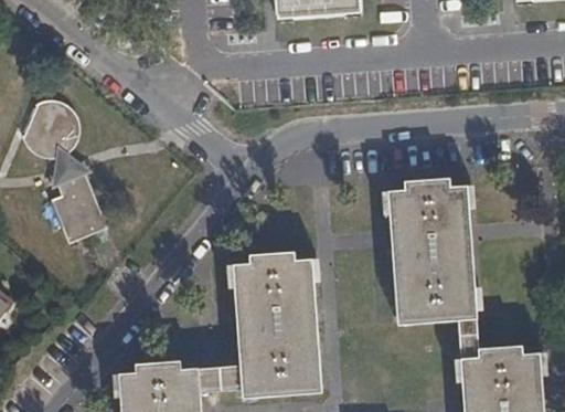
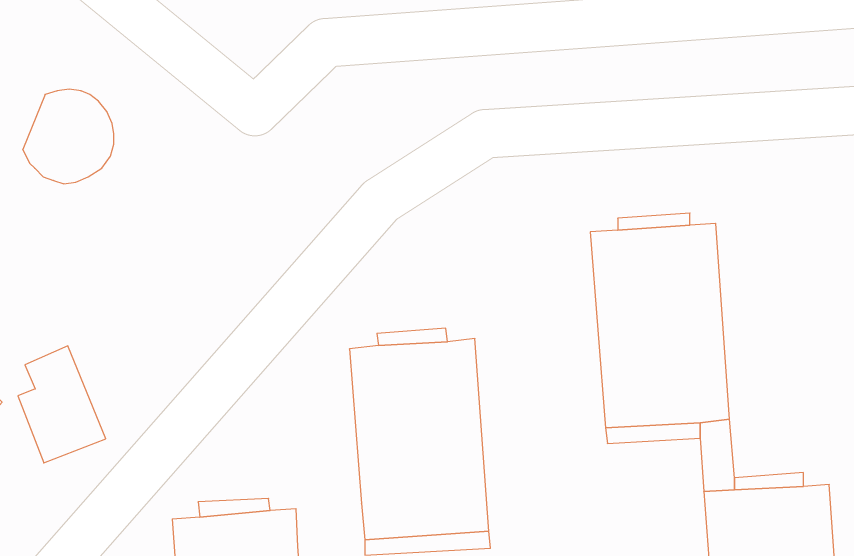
building: [51,169,107,244] -> [18,346,106,463]
building: [198,366,242,393] -> none

